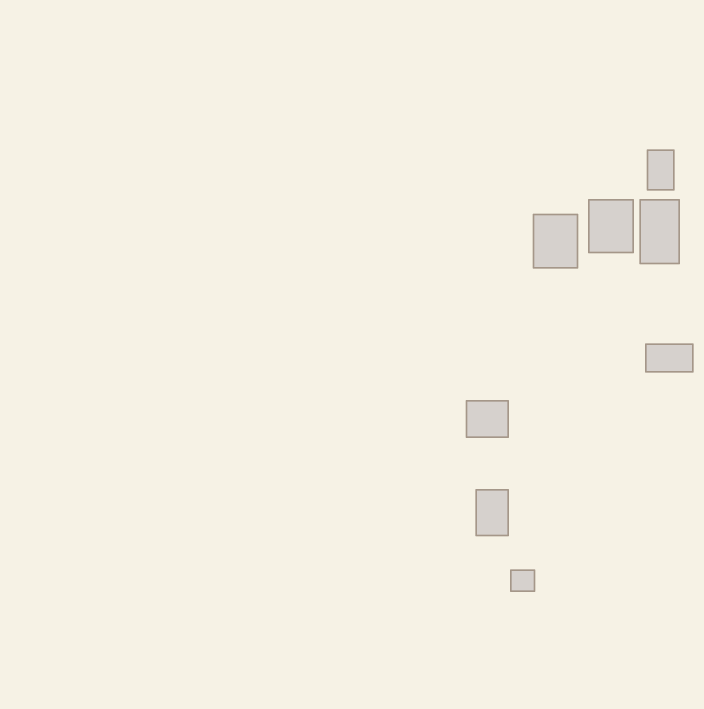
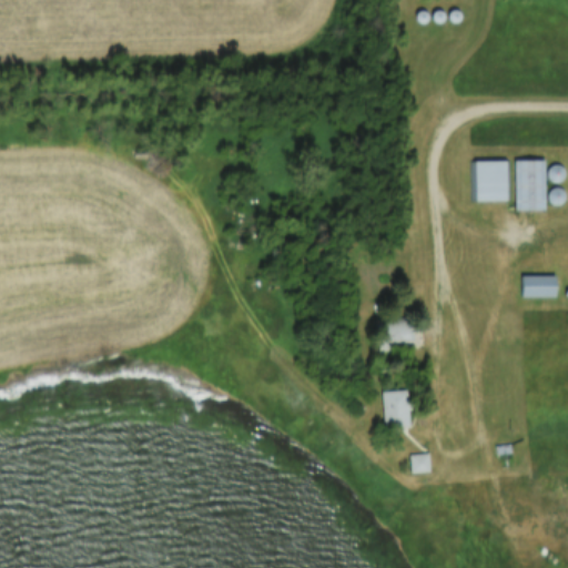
building: [647,150,674,190] -> none
building: [533,214,578,268] -> none

